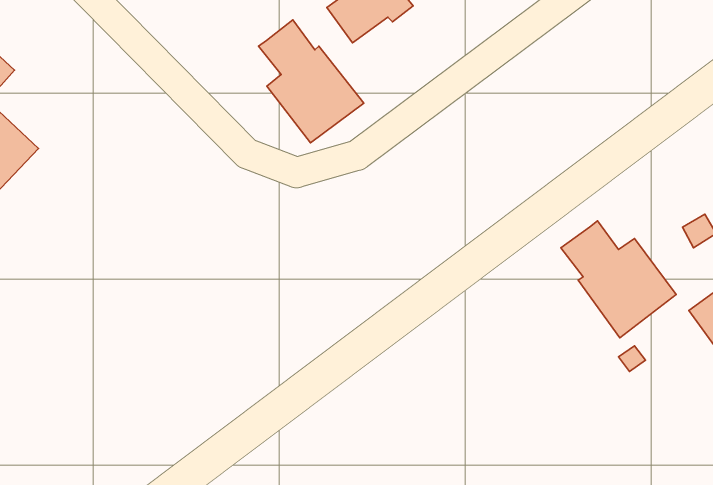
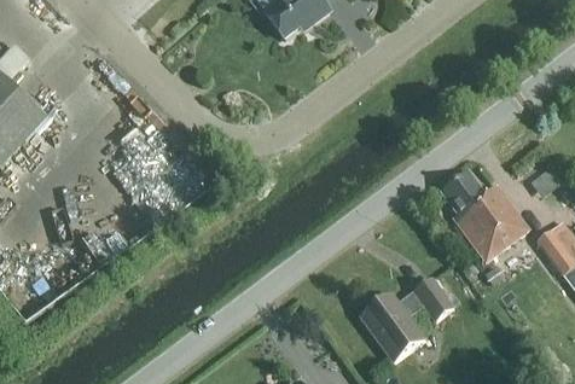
building: [259,20,364,143] -> none
building: none -> [360,278,453,361]

